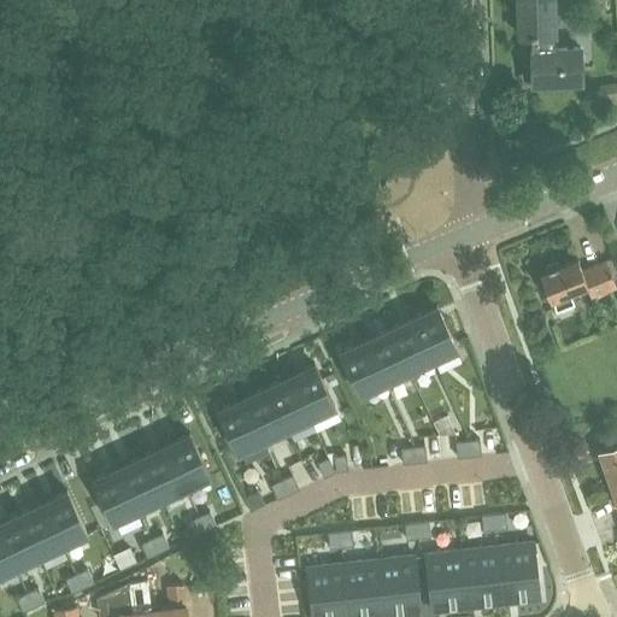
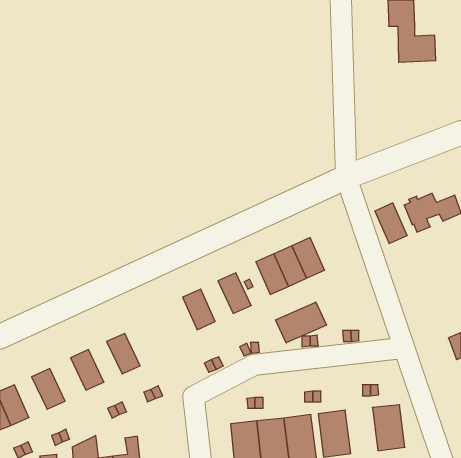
building: [413,311,457,365] -> [375,203,407,244]
building: [268,380,311,434] -> none
building: [219,401,263,456] -> none
building: none -> [276,302,327,343]
building: [166,439,210,493] -> none
building: [118,460,163,515] -> none
building: [19,507,63,562] -> none
building: [460,548,504,610] -> none

